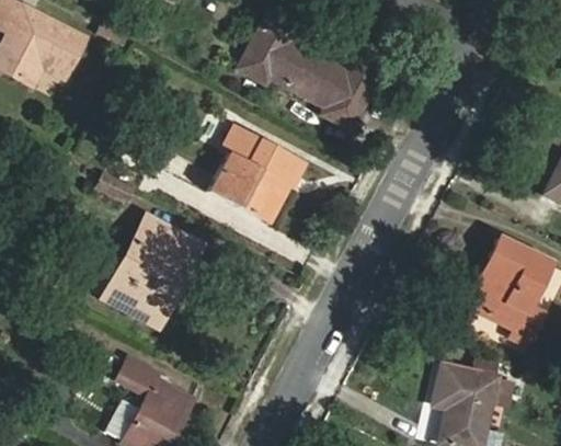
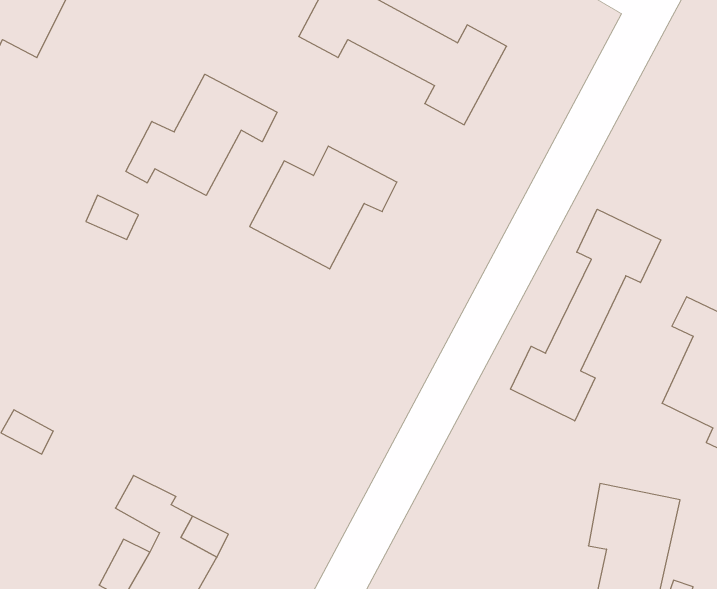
building: none -> [126,74,277,195]
building: none -> [511,209,661,421]
building: [104,218,199,321] -> none

